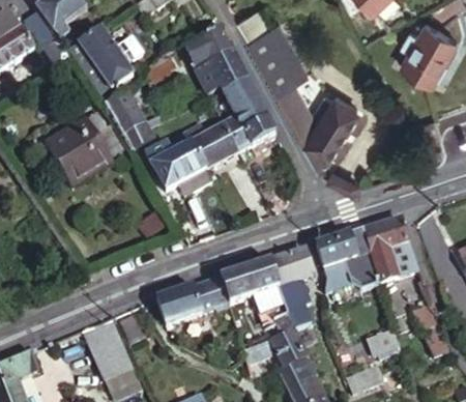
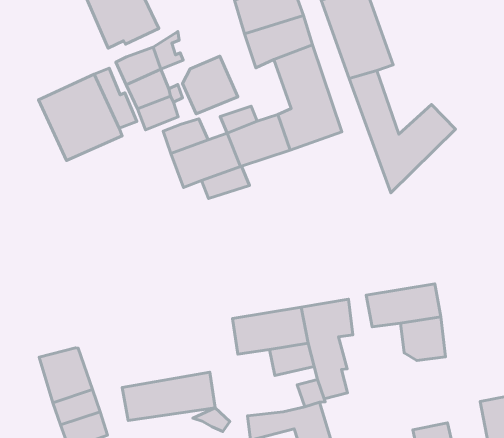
building: none -> [182,56,238,114]
building: [366,219,417,284] -> none
building: [156,281,228,326] -> [122,372,215,420]

